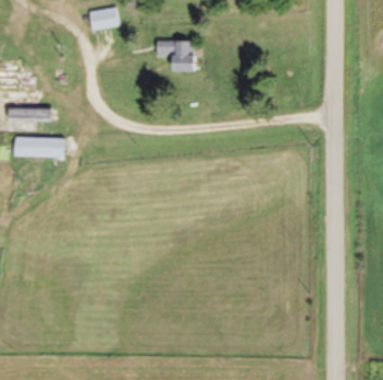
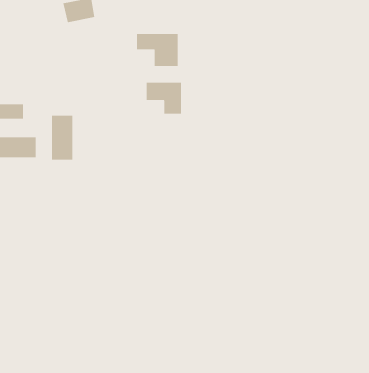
building: none -> [146,82,181,115]
building: none -> [51,115,73,160]

